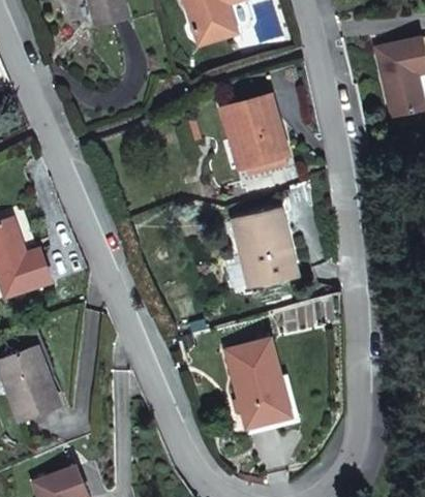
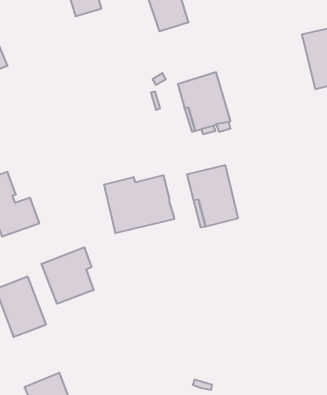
building: none -> [104,175,174,233]
building: none -> [41,247,94,304]
building: [225,338,291,427] -> none

